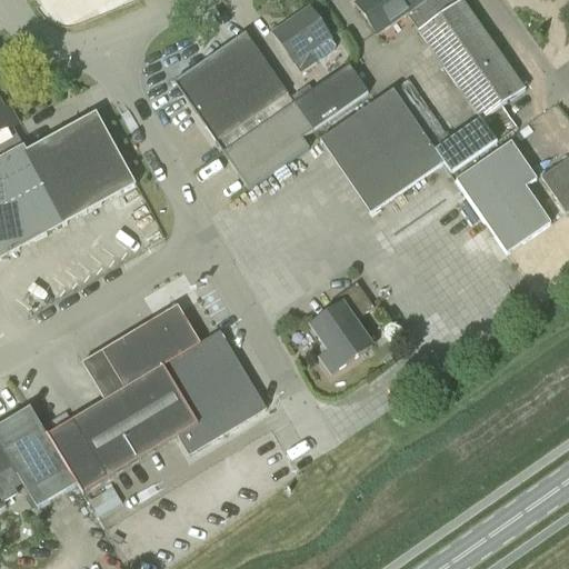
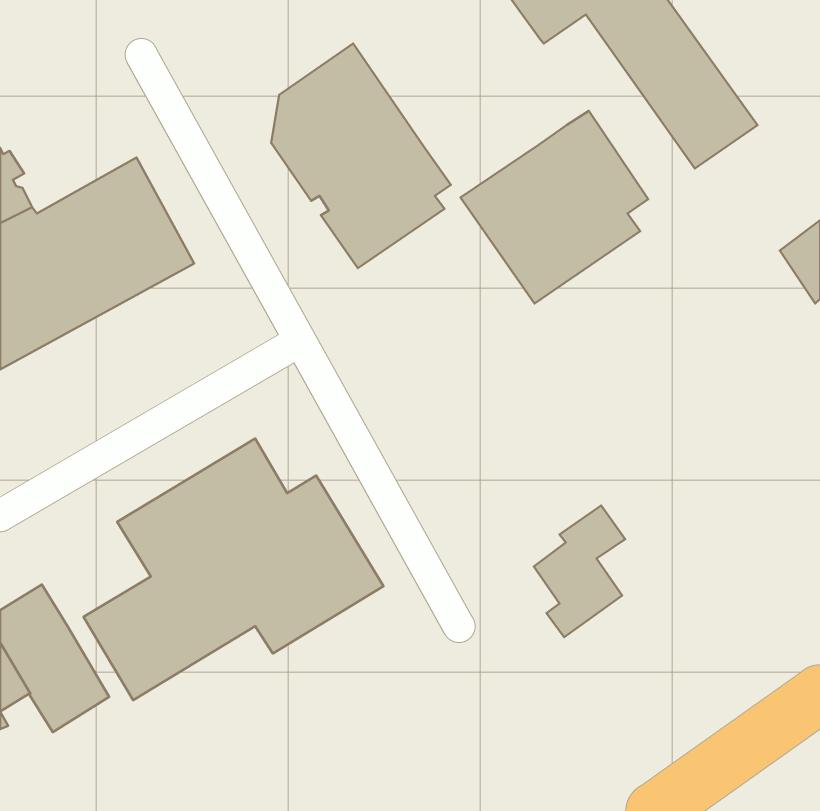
building: [271,7,335,70] -> none
building: [293,62,367,128] -> none
building: [435,117,496,170] -> none
building: [455,139,550,250] -> none
building: [310,280,373,371] -> [534,506,625,637]

